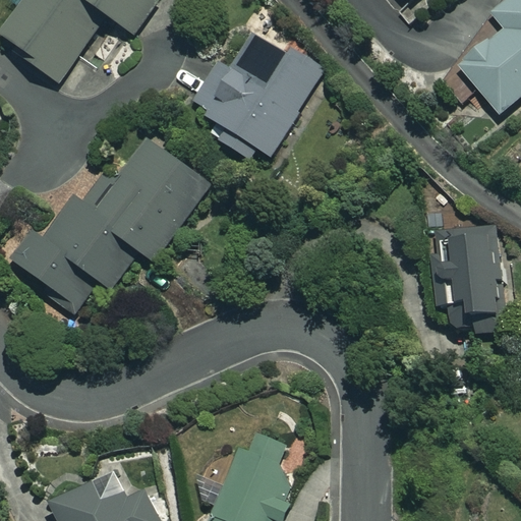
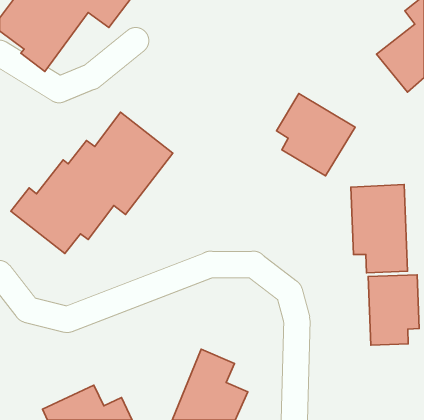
building: [193,34,324,160] -> none
building: none -> [276,93,355,176]
building: none -> [368,275,419,345]

